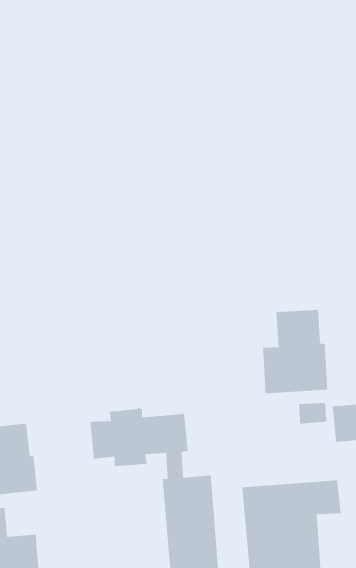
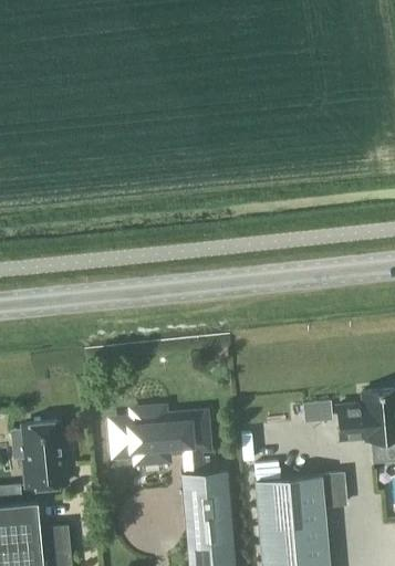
building: [263,309,328,394] -> none

